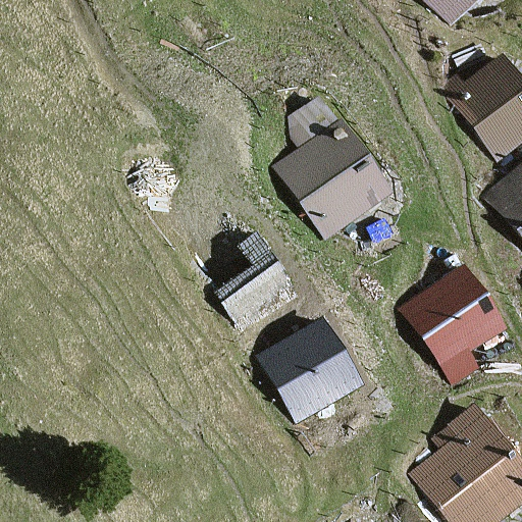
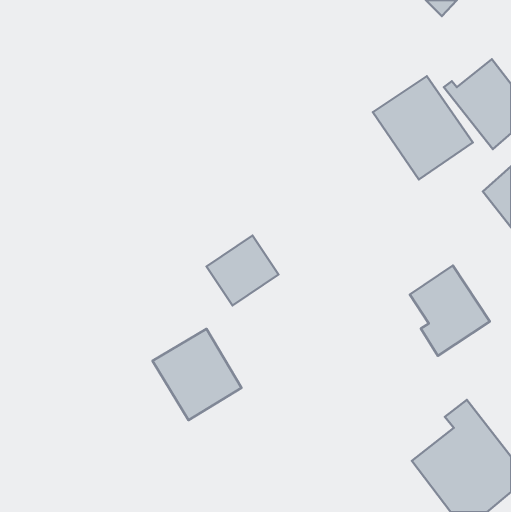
building: [280,136,382,241] -> [373,76,473,179]
building: [268,324,359,417] -> [152,329,242,420]

